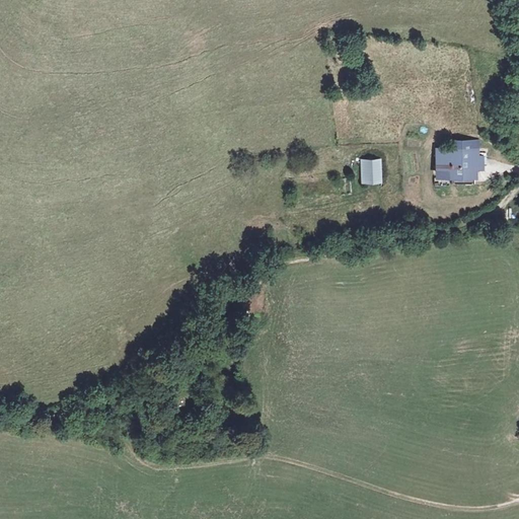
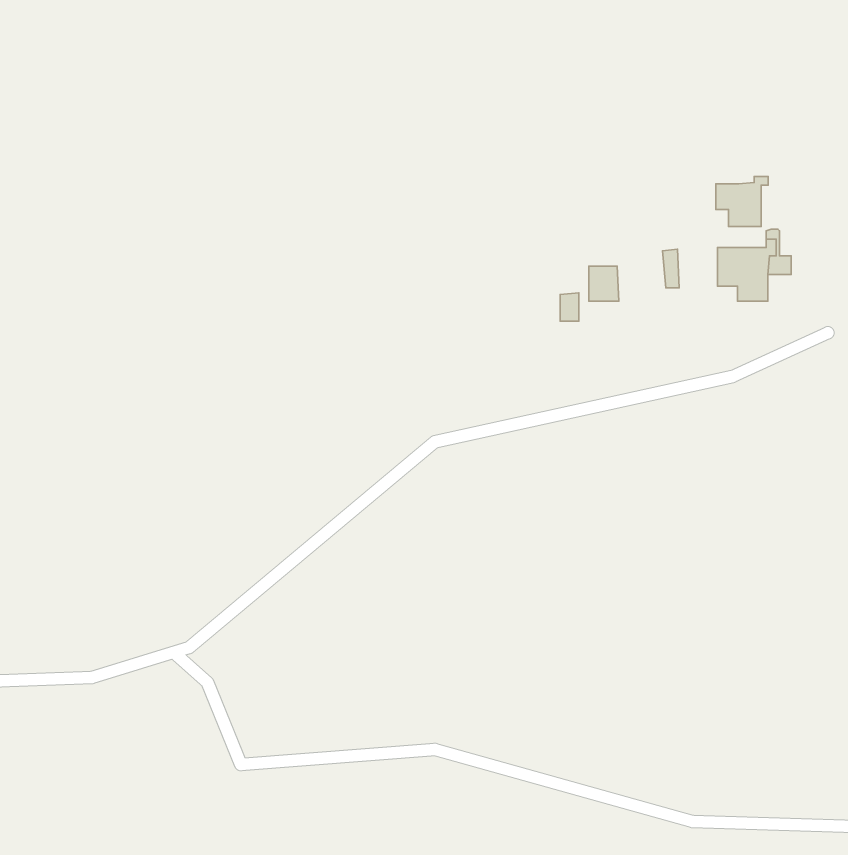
building: none -> [716,177,768,227]

